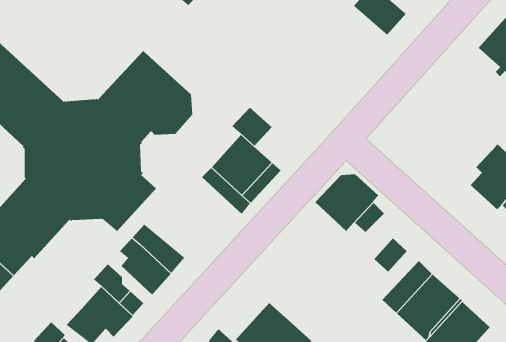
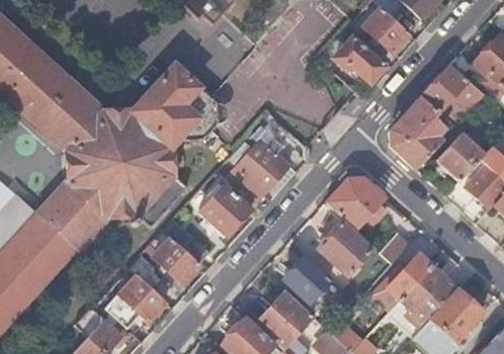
building: none -> [333,35,385,81]
building: none -> [390,64,483,168]
building: none -> [435,131,484,180]
building: none -> [198,185,249,235]
building: none -> [318,220,370,274]
building: none -> [282,255,330,302]

